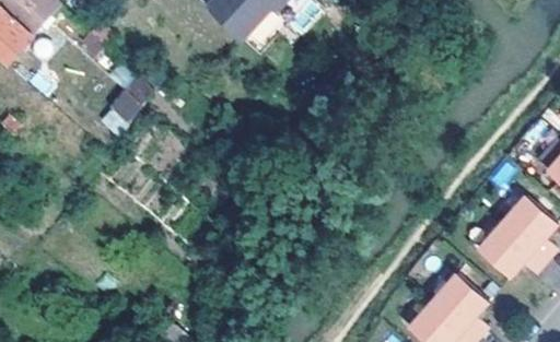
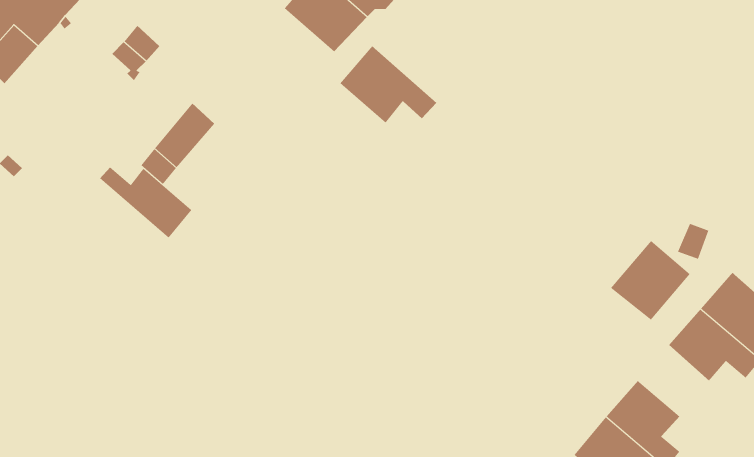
building: none -> [340,46,437,124]
building: none -> [99,166,192,239]
building: none -> [610,240,691,320]

